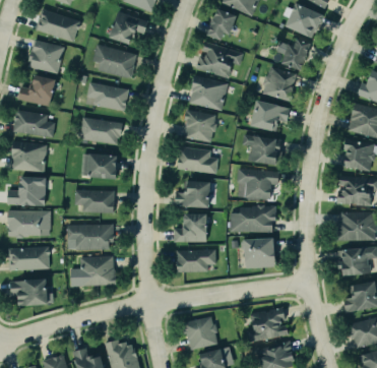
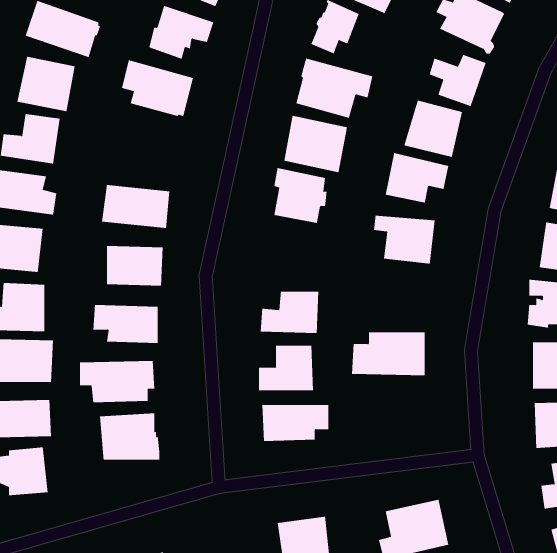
building: [85,81,127,111] -> none
building: [175,145,216,173] -> none
building: [237,170,278,199] -> none
building: [244,239,275,268] -> none

